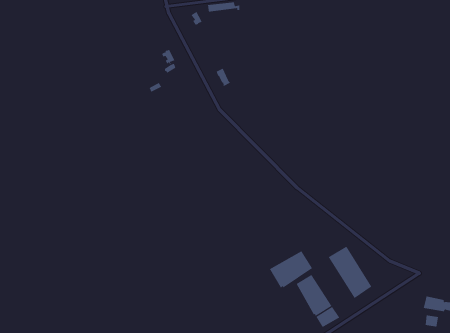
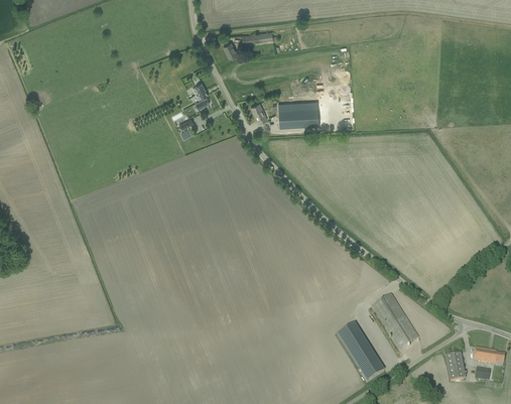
building: none -> [278,101,318,127]
building: [269,251,313,289] -> none
building: none -> [445,352,465,379]

